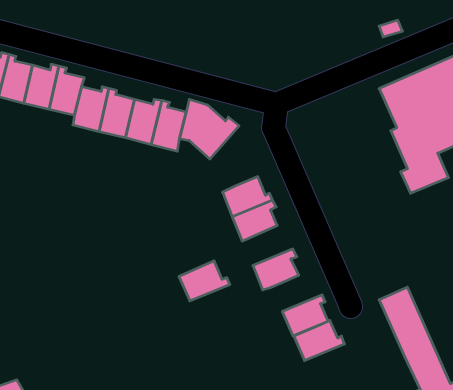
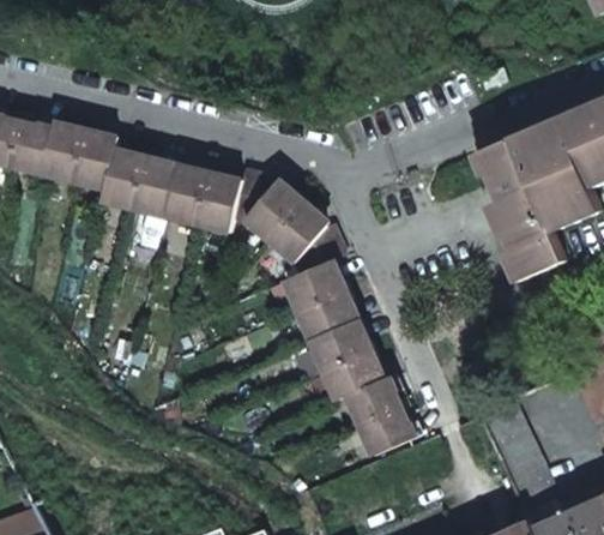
building: none -> [270,199,344,273]
building: [179,261,230,301] -> [309,321,372,371]
building: [294,320,345,361] -> [345,378,407,427]

